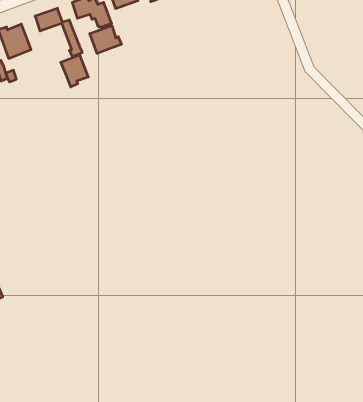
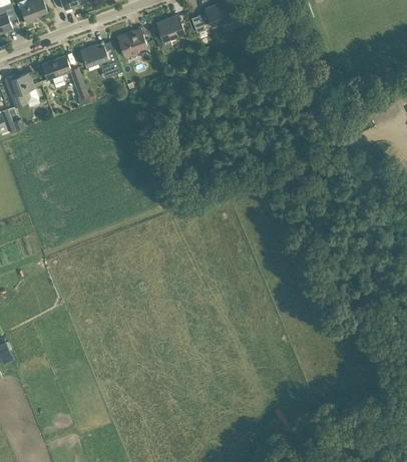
building: [90,25,121,53] -> none
building: [61,55,88,87] -> none

